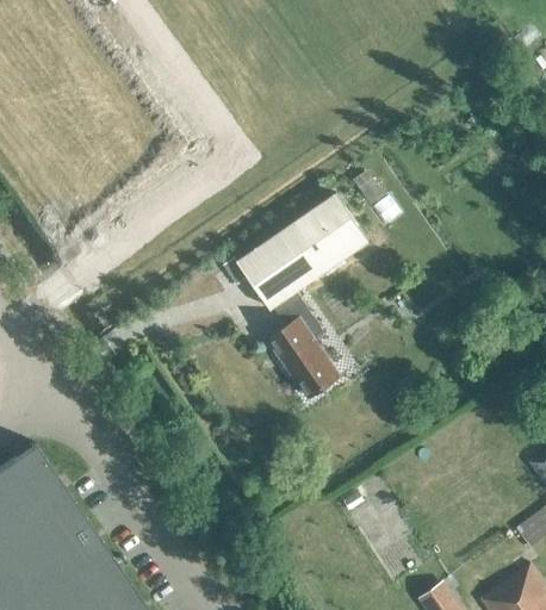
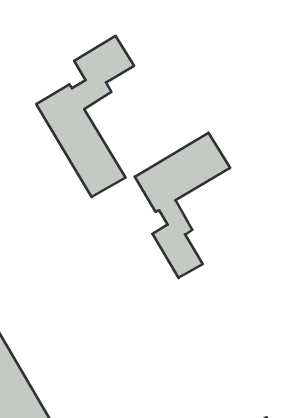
building: none -> [36,36,134,197]

